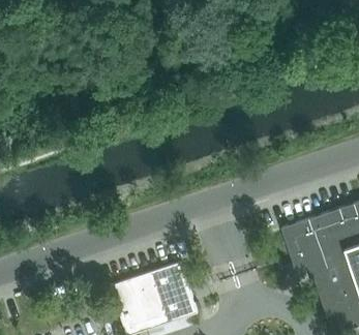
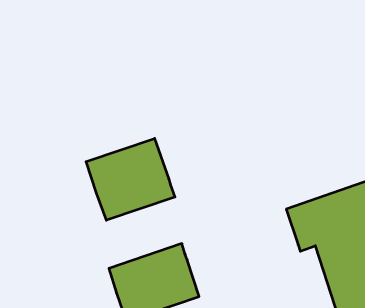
building: none -> [86,138,175,220]

